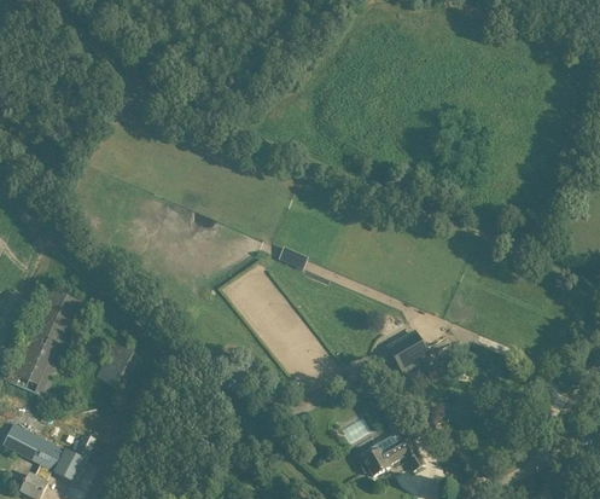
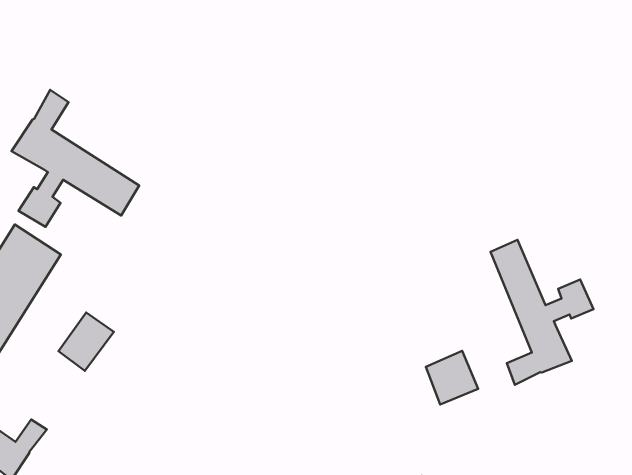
building: none -> [12,90,139,227]
building: none -> [491,240,593,385]

